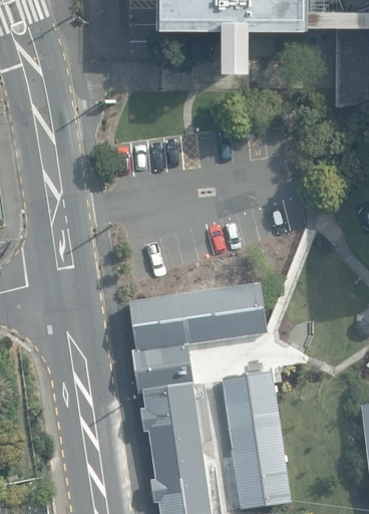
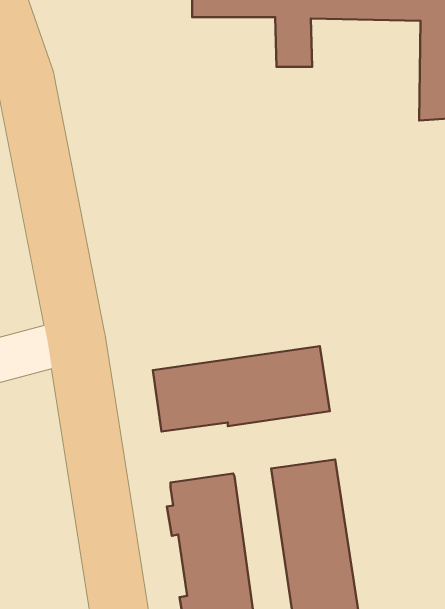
building: [131,341,195,393] -> none

